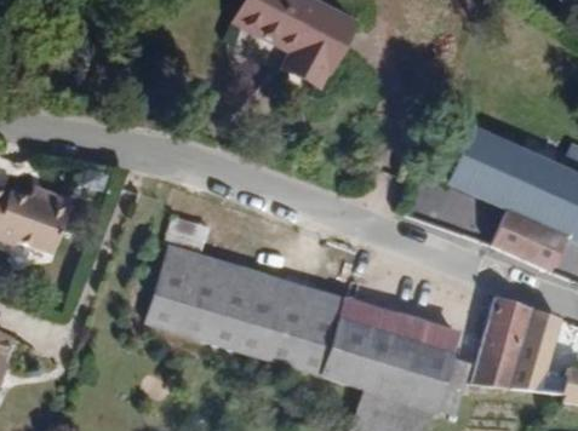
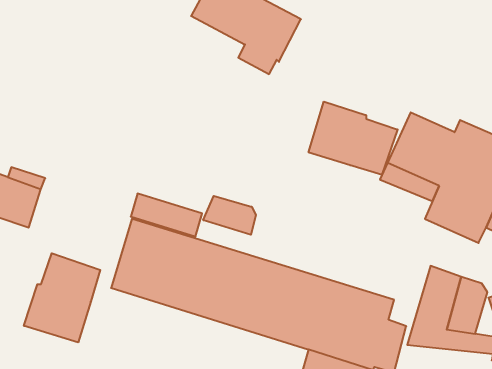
building: none -> [309,102,398,175]
building: none -> [203,196,256,235]
building: none -> [24,253,100,342]

